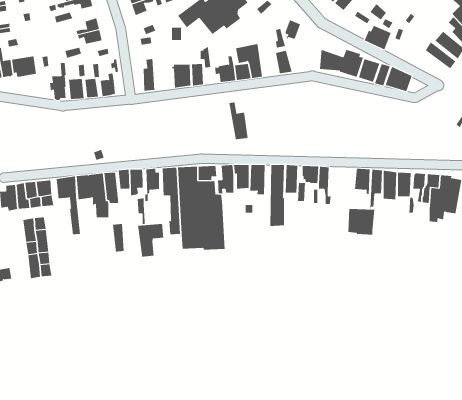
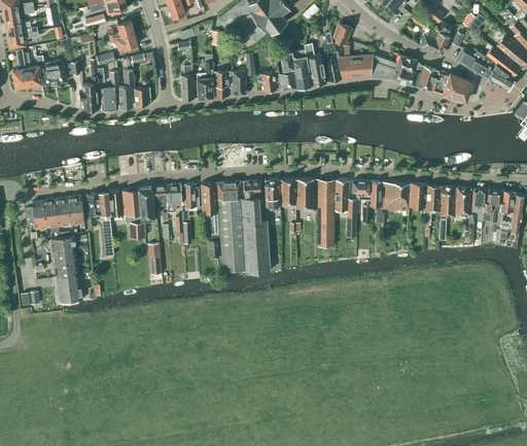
building: none -> [456,49,514,91]
building: none -> [337,56,373,80]
building: none -> [196,62,213,99]
building: [229,102,249,140] -> [304,44,325,85]
building: [347,208,375,235] -> [381,183,411,212]
building: [137,223,164,257] -> none

